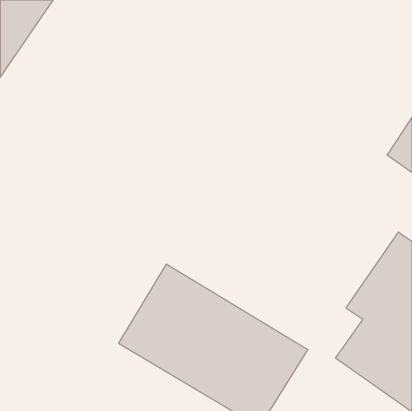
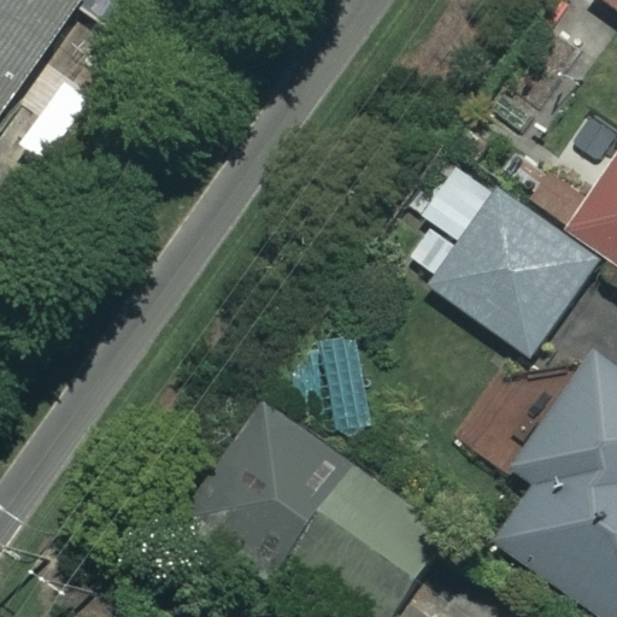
building: none -> [395,164,599,353]

